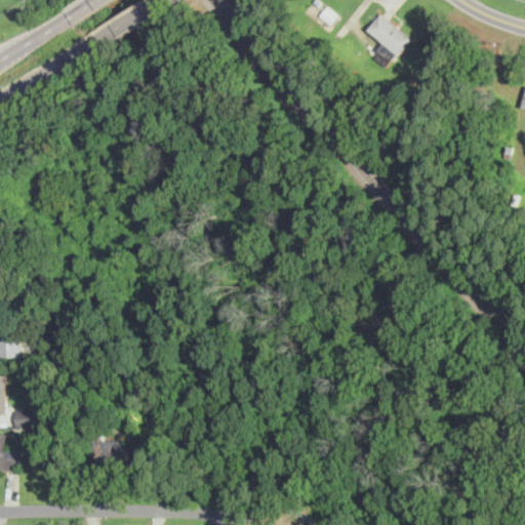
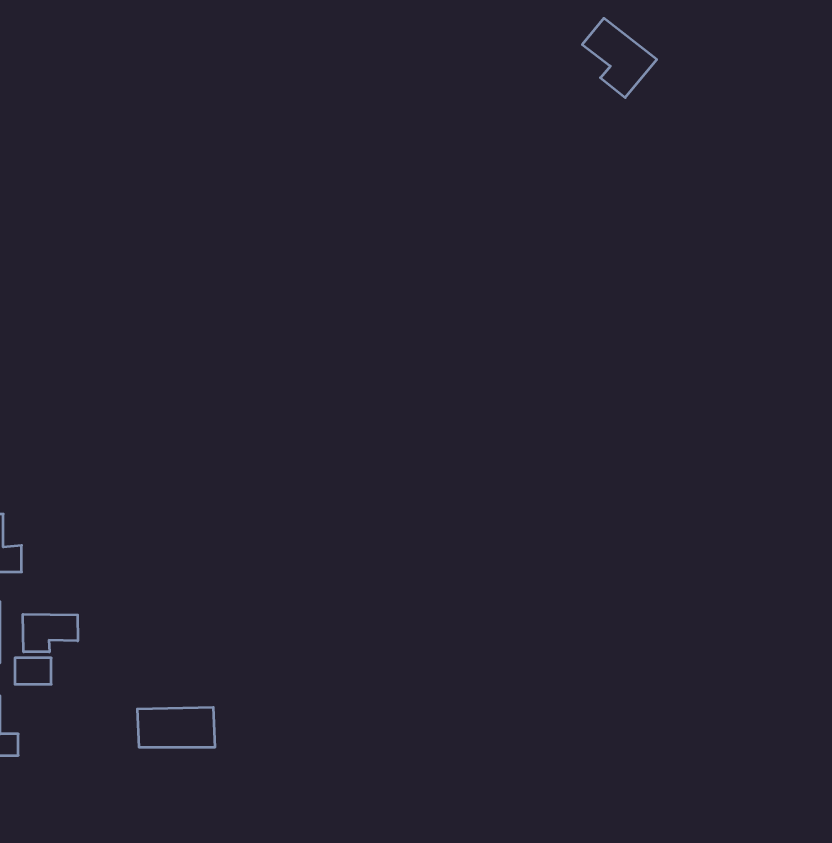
building: none -> [23,614,78,652]

